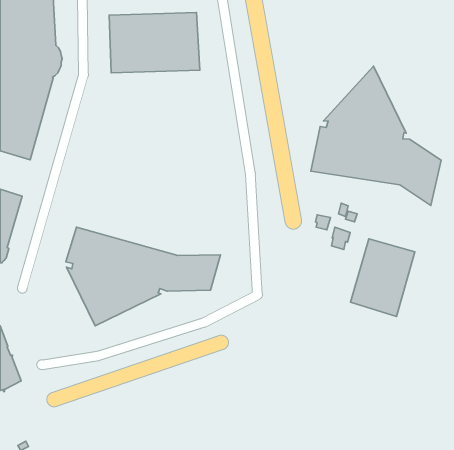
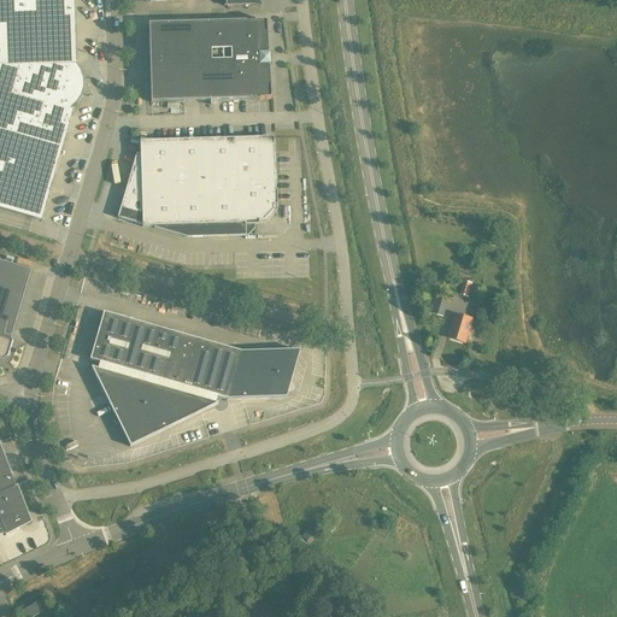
building: [311,66,441,206] -> none
building: none -> [117,134,276,233]
building: [351,239,415,317] -> none

